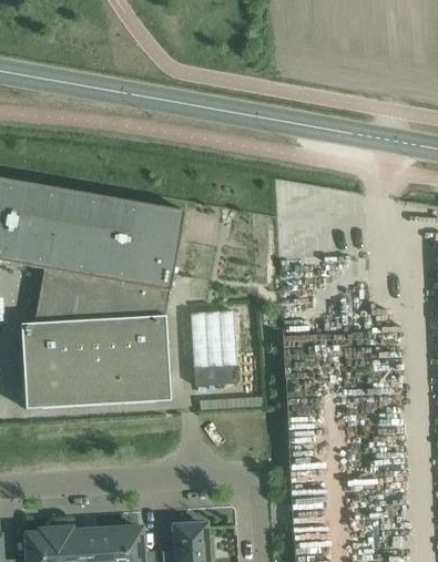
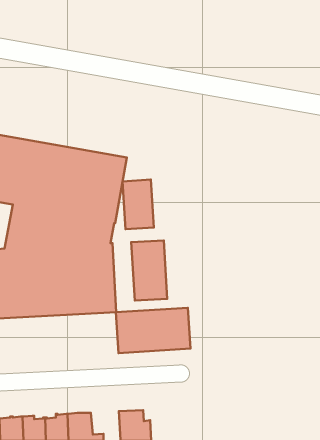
building: none -> [123,180,154,229]
building: none -> [116,308,191,353]

